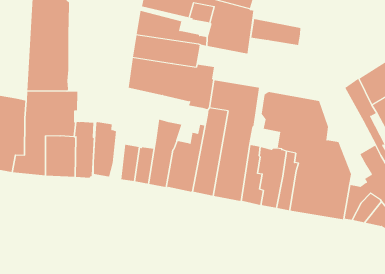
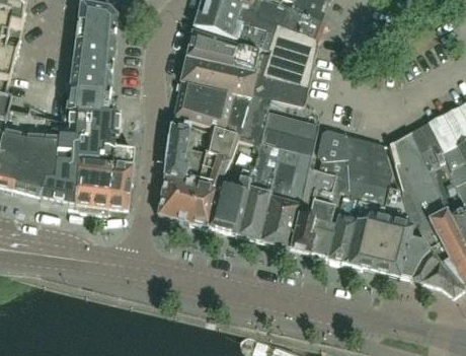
building: [250,18,301,46] -> [251,72,308,105]
building: none -> [388,131,441,240]
building: none -> [205,125,240,158]
building: [93,122,117,178] -> [165,118,195,181]
building: none -> [303,166,336,193]

